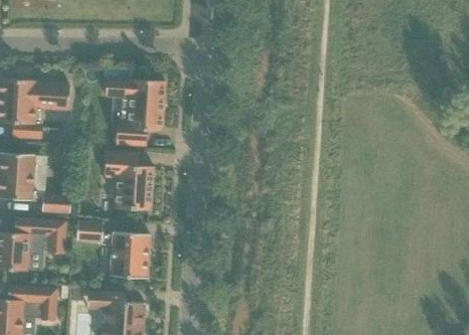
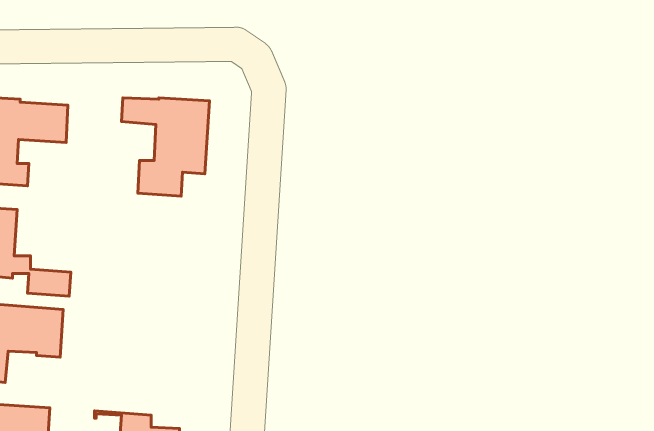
building: [104,151,153,210] -> none
building: [75,222,149,279] -> none

